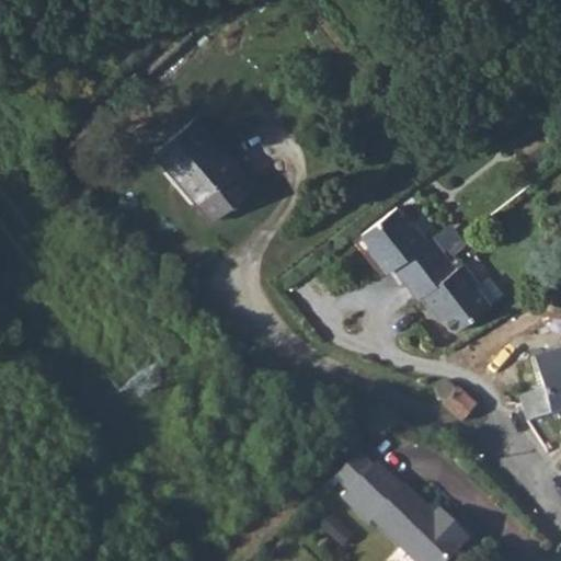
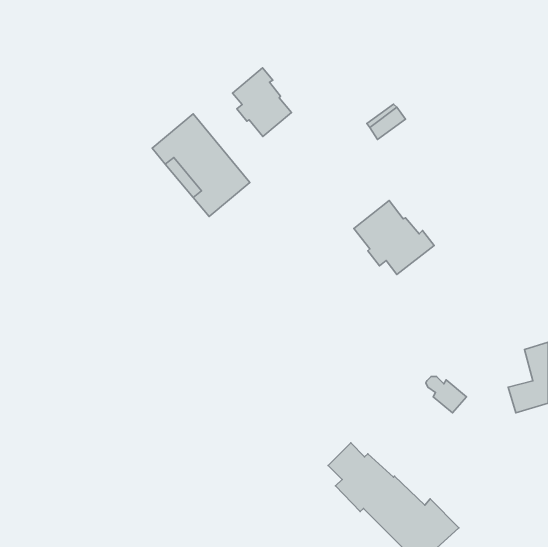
building: none -> [233,68,292,136]
building: [405,252,491,331] -> none

